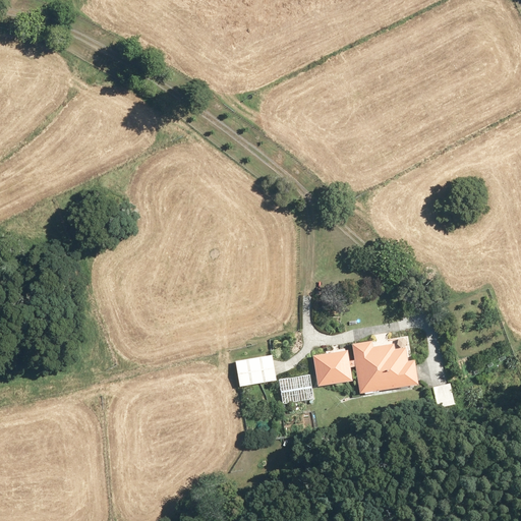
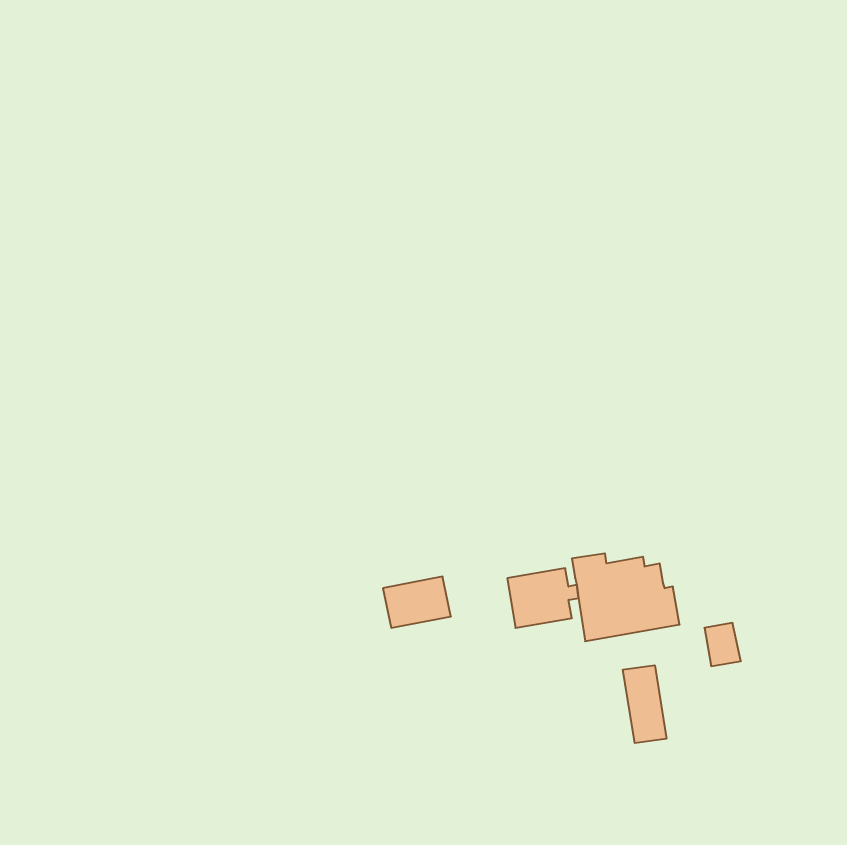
building: [279,374,314,403] -> none
building: none -> [623,665,666,743]

